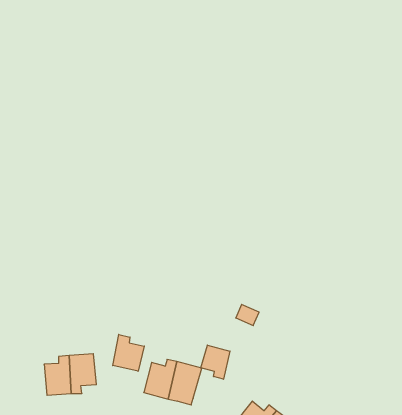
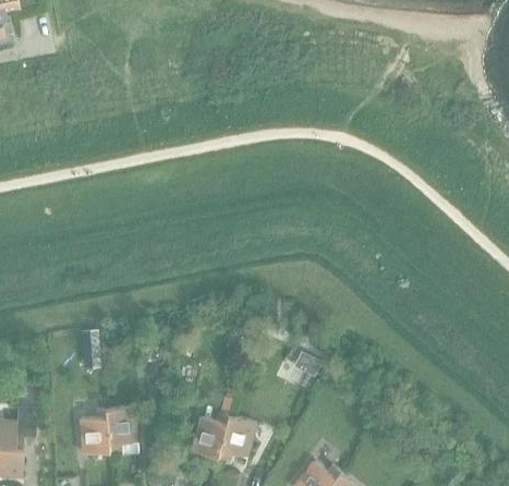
building: [113,334,144,371] -> none
building: [201,345,230,379] -> none

